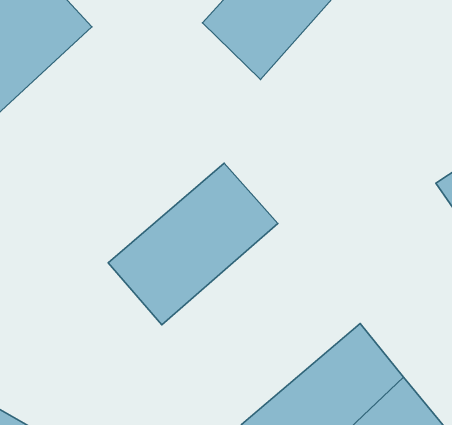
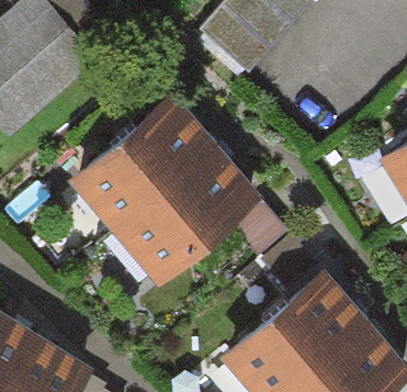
building: none -> [80,96,216,225]

